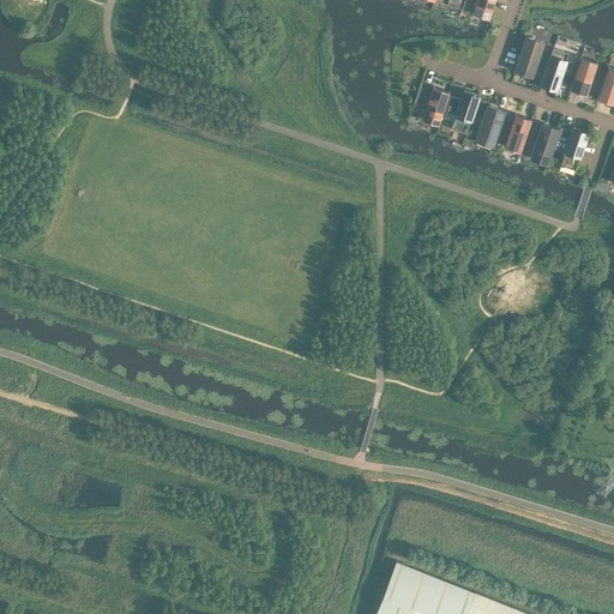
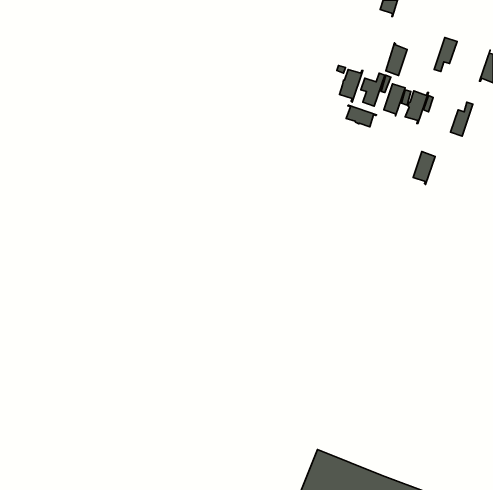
building: [516,38,542,79] -> [386,43,407,76]
building: [568,56,597,97] -> none
building: [531,126,559,167] -> [413,152,435,184]
building: none -> [346,105,377,127]

